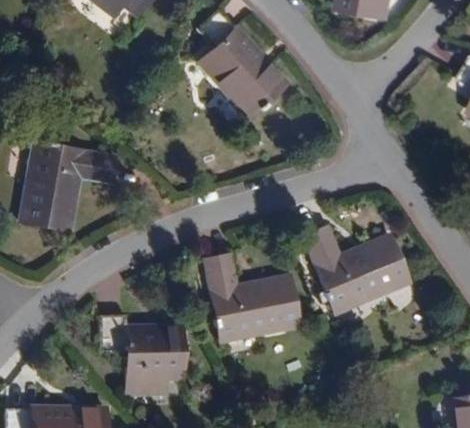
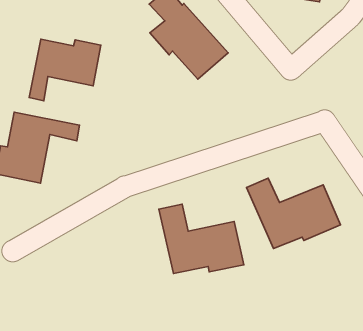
building: none -> [29,39,101,101]
building: [98,311,183,387] -> none

